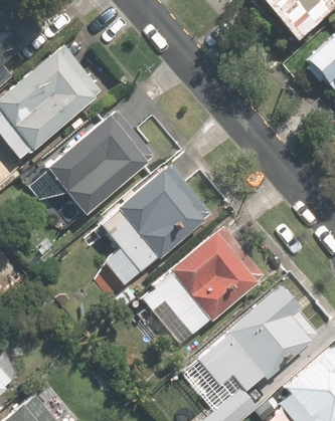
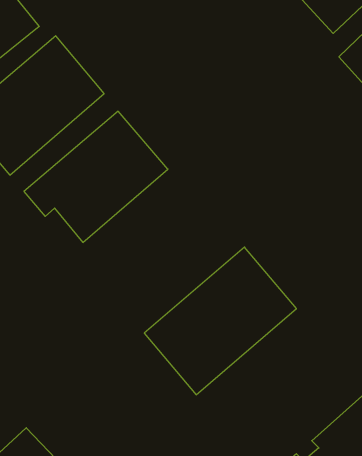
building: [95,160,214,275] -> none
building: [197,285,317,390] -> none

